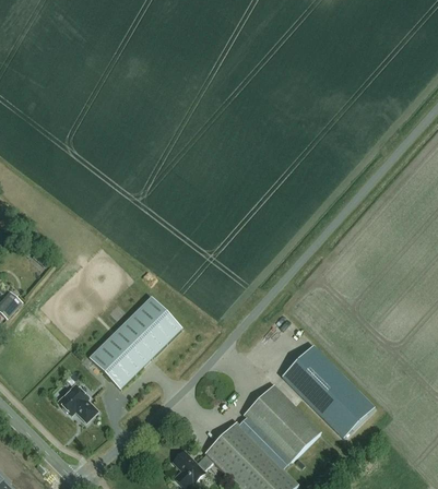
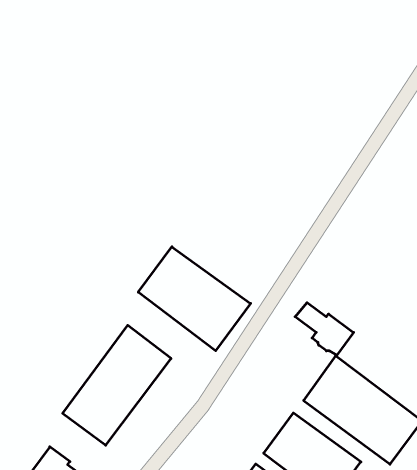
building: none -> [138,247,251,351]
building: none -> [295,303,354,355]

